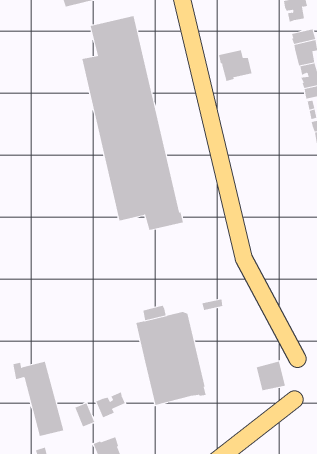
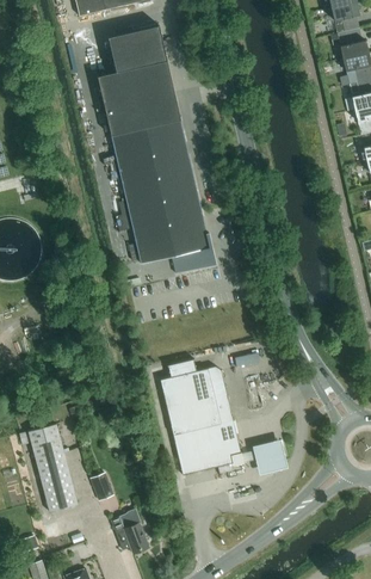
building: [218,50,252,82] -> none
building: [256,361,286,391] -> [252,439,286,474]
building: [96,391,126,418] -> none

